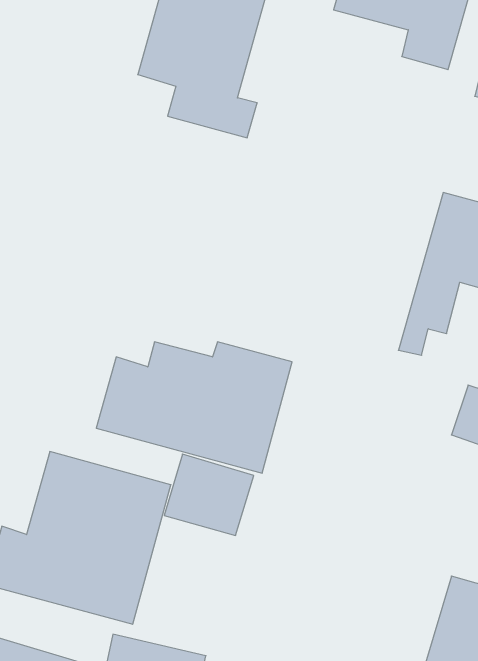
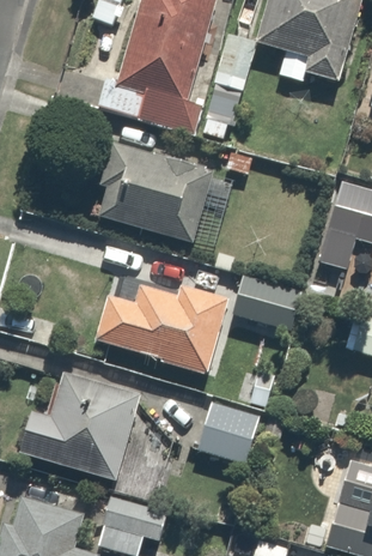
building: none -> [92,141,240,254]
building: none -> [232,282,303,338]
building: [164,454,254,535] -> [196,401,261,460]

